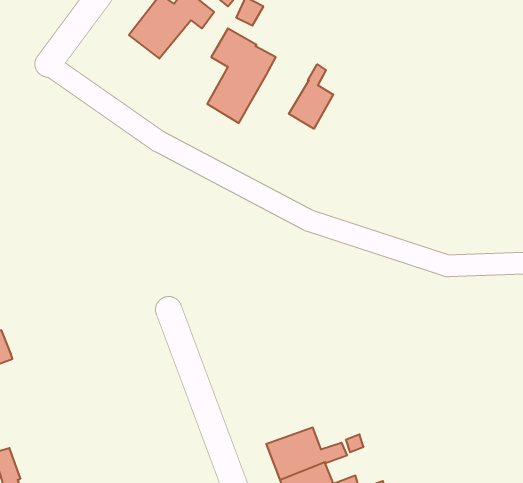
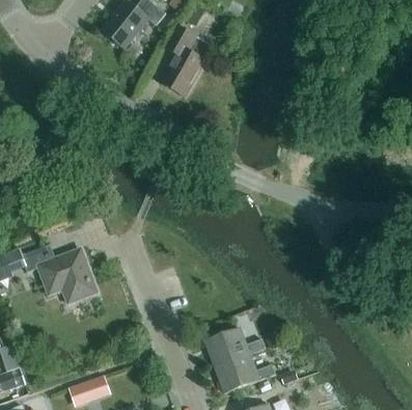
building: [289,64,333,129] -> none
building: none -> [20,245,97,301]

